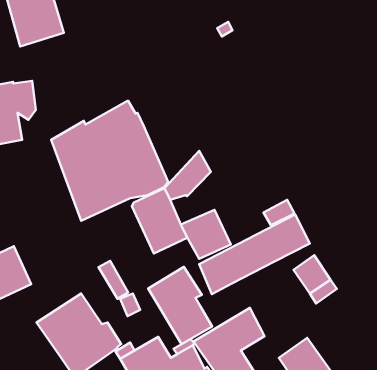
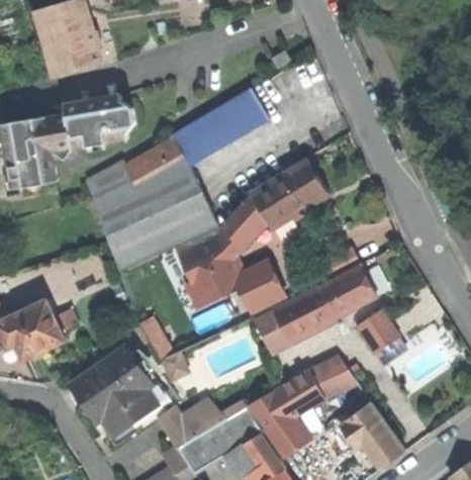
building: none -> [171,87,270,166]
building: none -> [64,93,134,148]
building: none -> [252,160,326,227]
building: [148,267,212,344] -> none
building: none -> [308,355,356,399]

